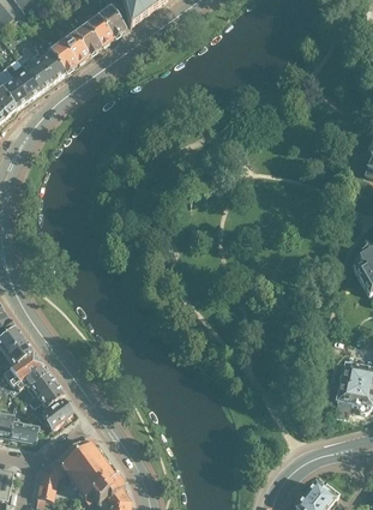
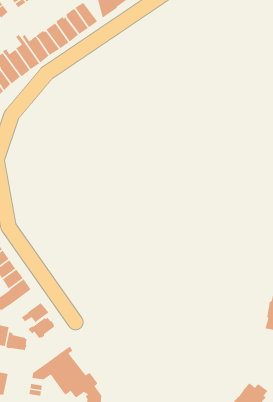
building: [16,366,54,395] -> none

